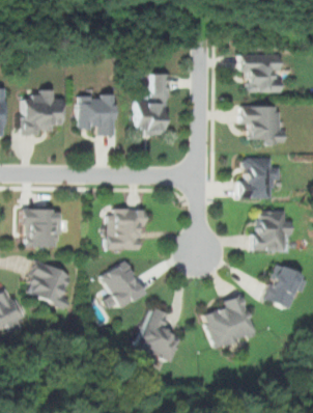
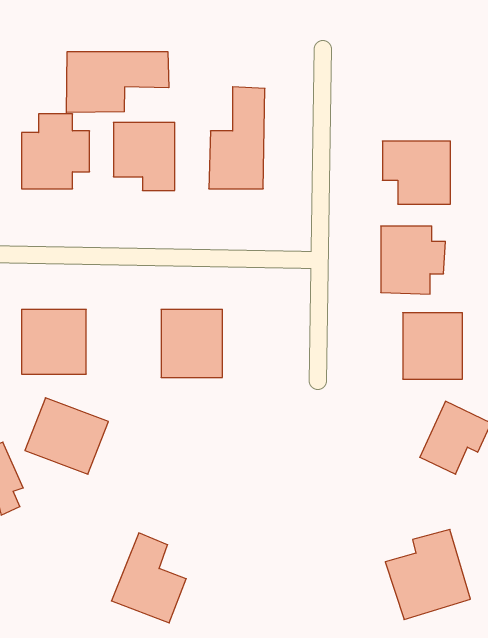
building: none -> [66,52,169,113]
building: [240,54,280,91] -> none
building: [102,260,144,310] -> none
building: [203,294,255,349] -> [385,529,470,620]
building: [135,306,180,361] -> [111,533,186,623]

